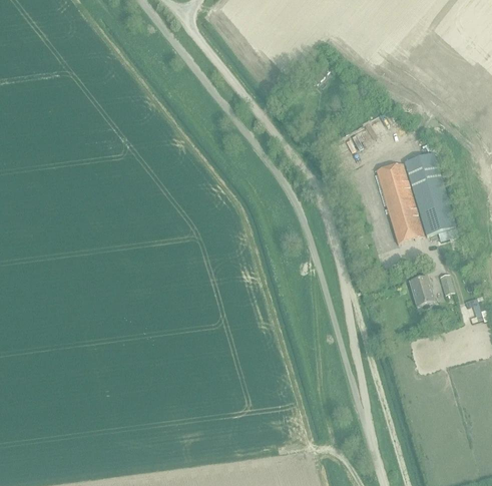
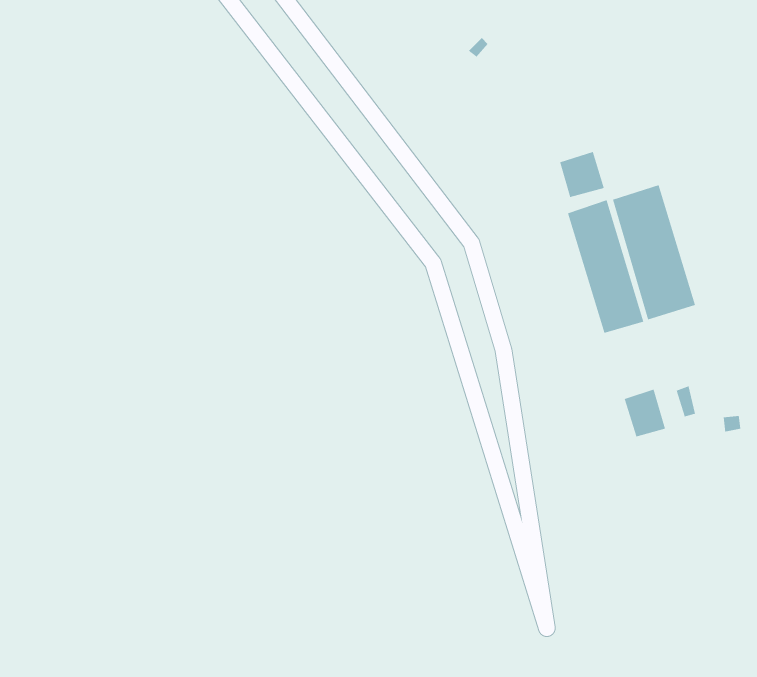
building: none -> [559,151,604,198]

